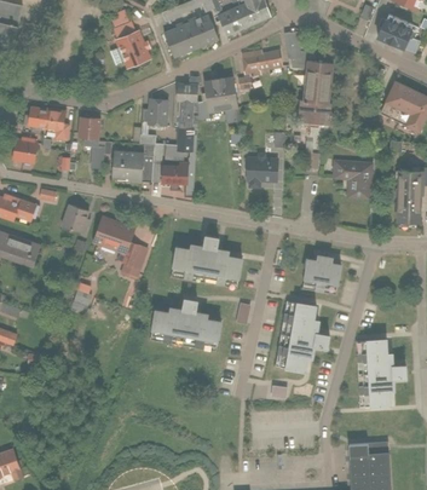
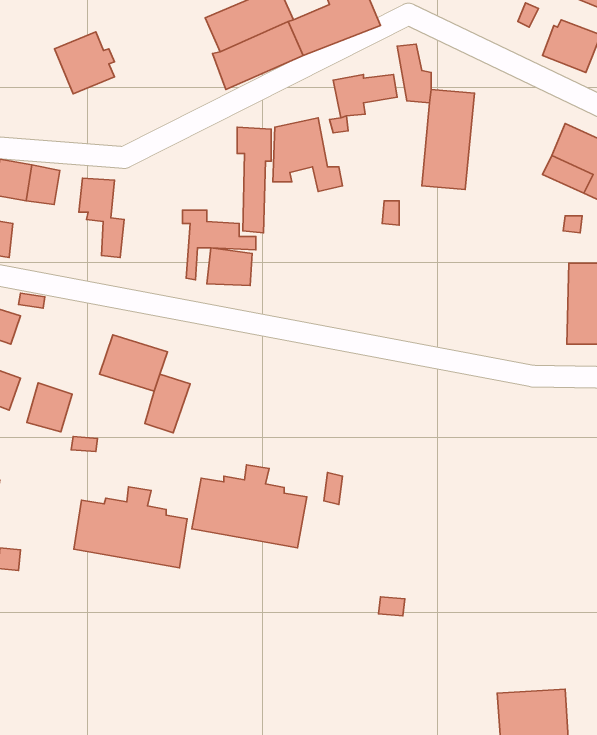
building: [114,29,152,69] -> [54,32,115,94]
building: [151,98,174,127] -> none
building: [112,149,146,181] -> none
building: [243,154,279,190] -> none
building: [333,158,374,200] -> none
building: [60,202,90,234] -> [27,383,72,432]
building: [172,236,244,288] -> [74,487,187,568]
building: [302,256,342,293] -> none
building: [275,300,323,369] -> none
building: [362,338,388,405] -> none

